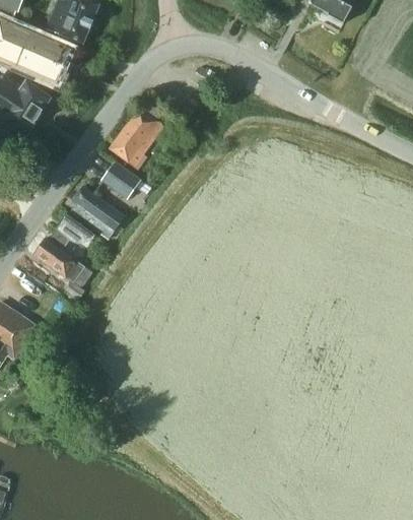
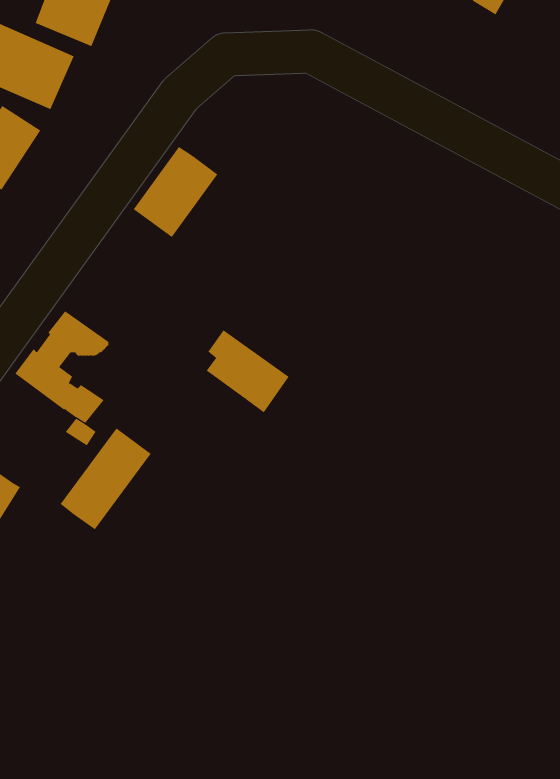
building: [100,160,140,198] -> none
building: [71,185,125,239] -> [206,330,289,413]
building: none -> [60,428,152,530]

